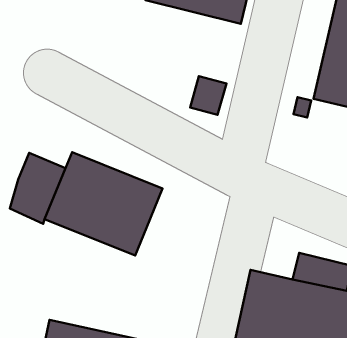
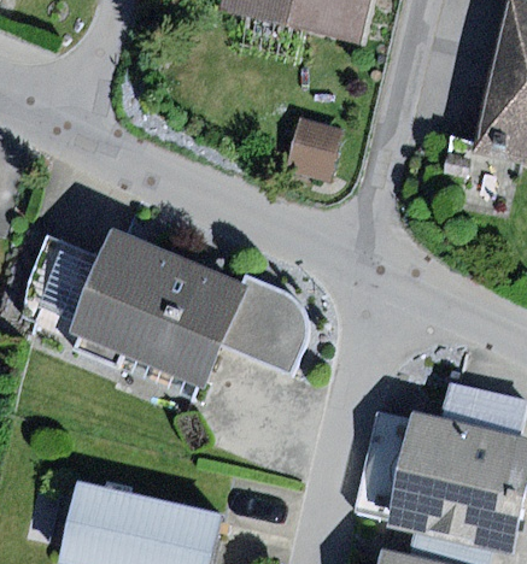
building: none -> [222,276,308,376]

